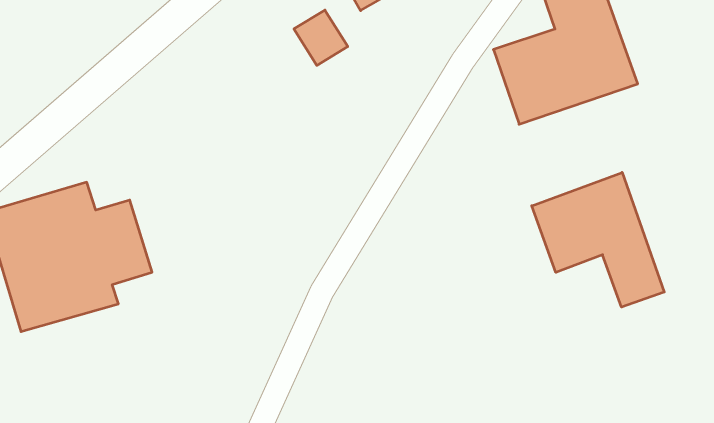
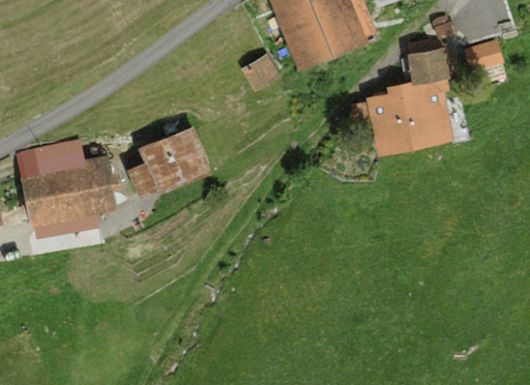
building: none -> [134,128,202,188]
building: [532,172,664,307] -> none

